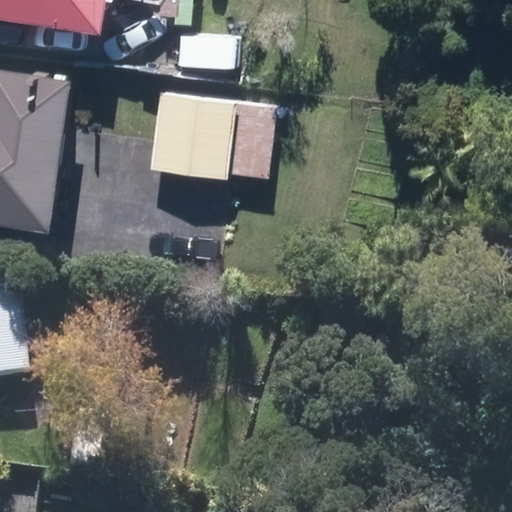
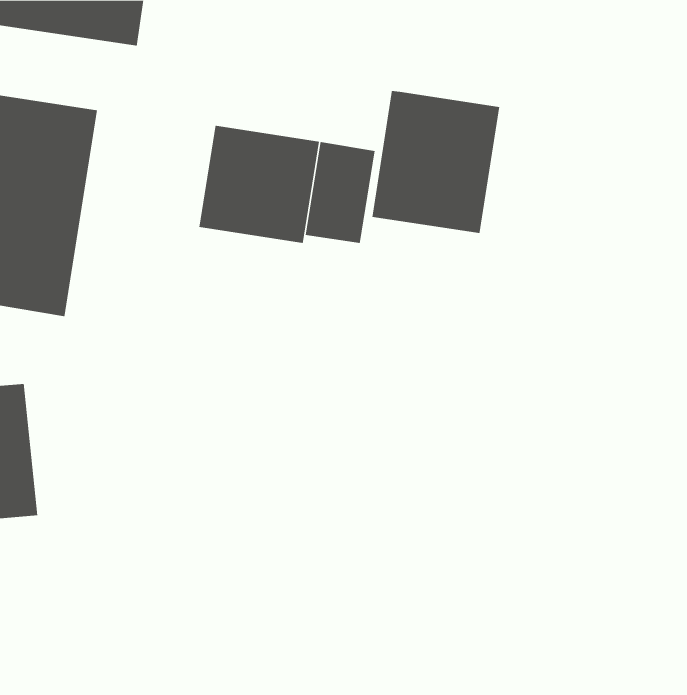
building: none -> [372,90,500,234]

